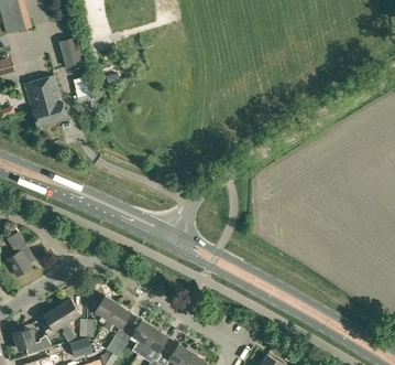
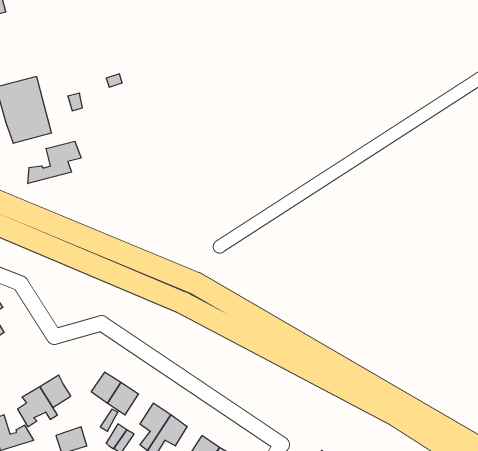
building: [58,36,85,68] -> none
building: none -> [28,141,81,184]

